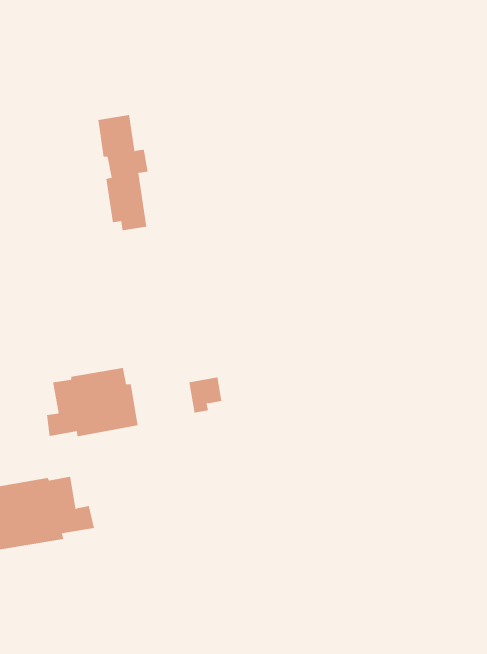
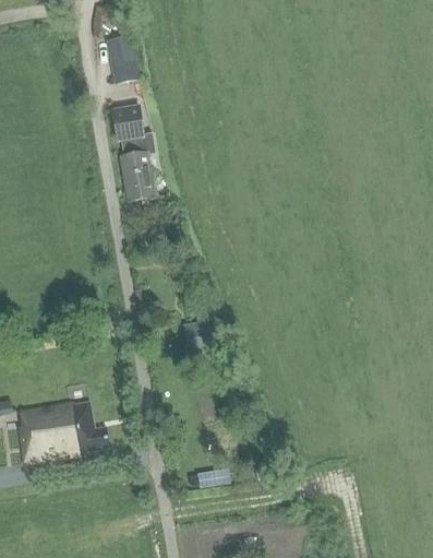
building: none -> [106,35,140,83]
building: [47,367,138,437] -> none

